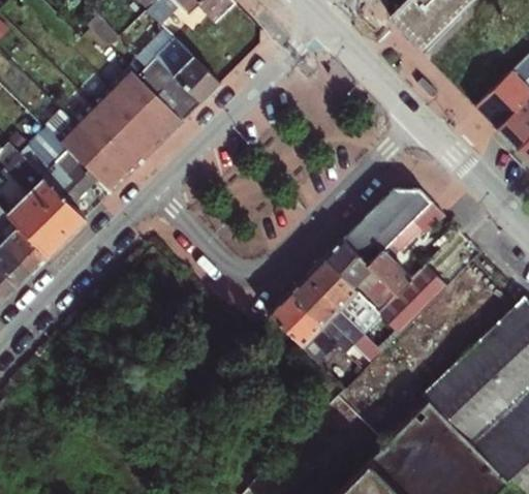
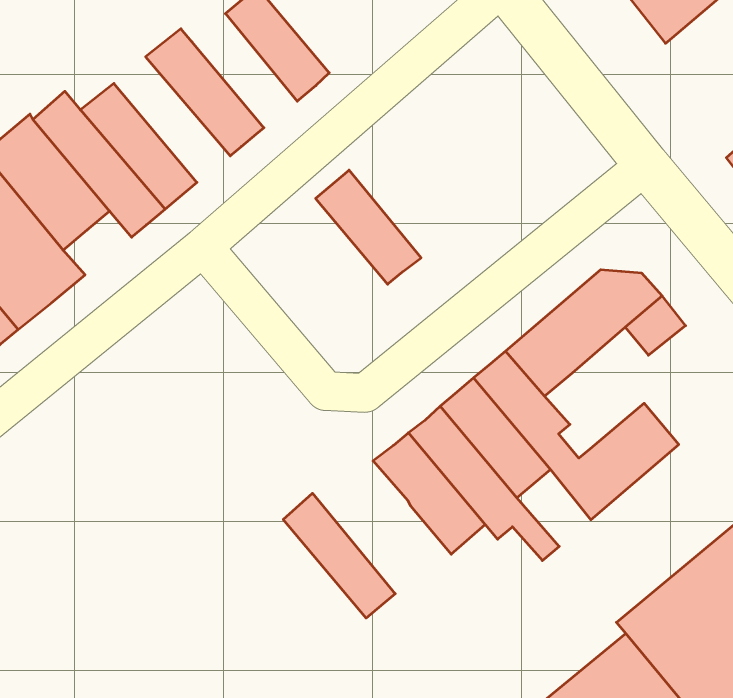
building: [139,54,206,120] -> [316,170,421,284]
building: [95,84,168,156] -> none
building: [369,250,413,295] -> none
building: none -> [283,493,395,618]

